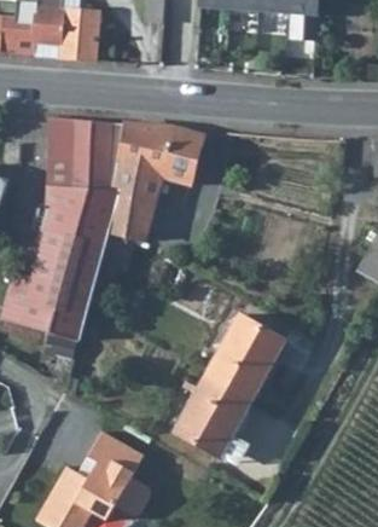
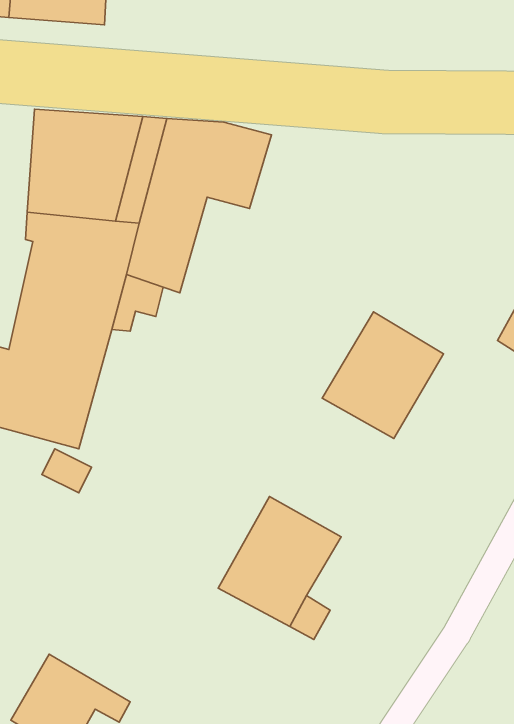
building: [205,314,285,398] -> [322,312,443,438]
building: [60,430,151,515] -> none

